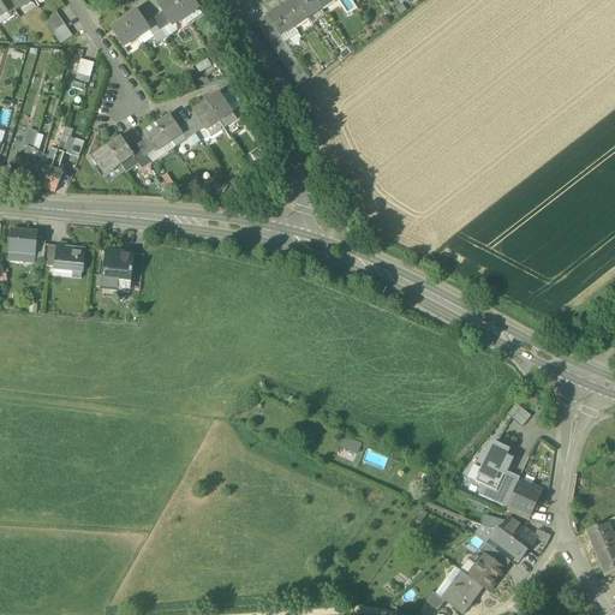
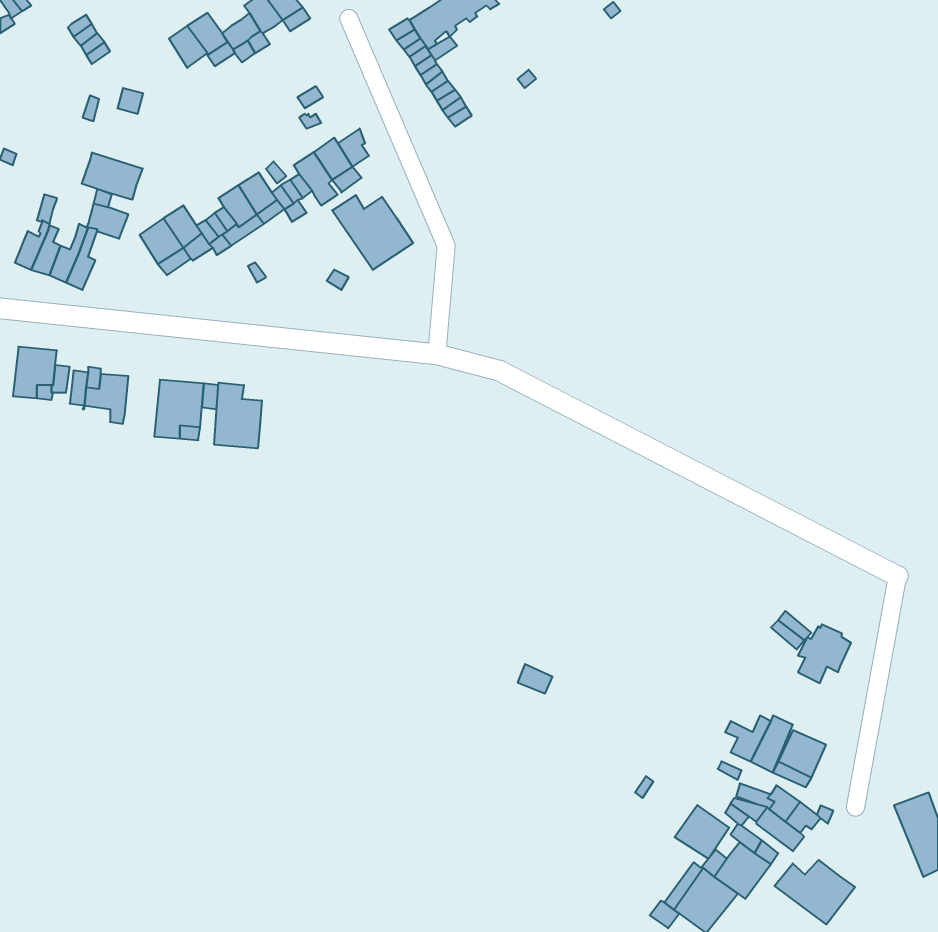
building: none -> [82,152,143,200]
building: none -> [332,195,413,270]
building: none -> [214,383,262,448]
building: [478,441,513,479] -> [798,624,851,683]
building: none -> [675,805,729,859]
building: none -> [775,860,855,924]

